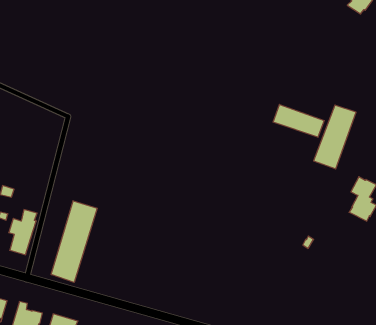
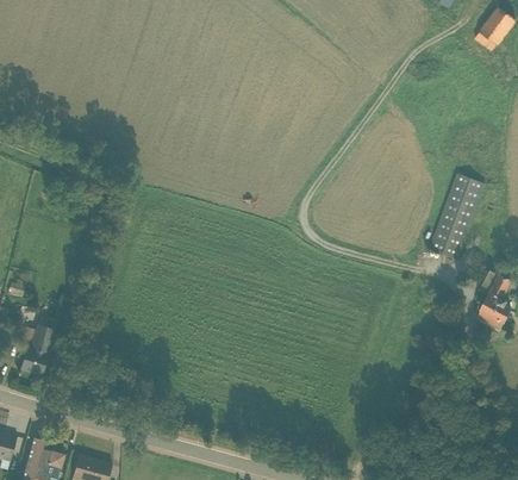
building: [273,104,324,137] -> none
building: [51,201,97,282] -> none

